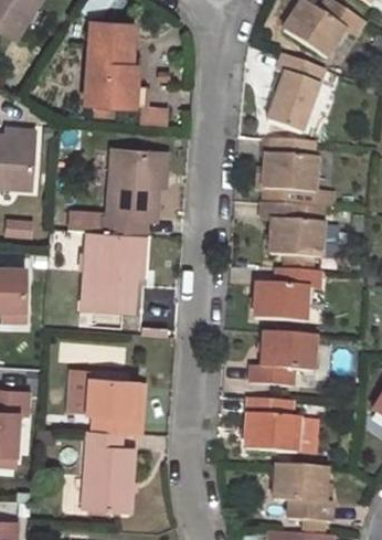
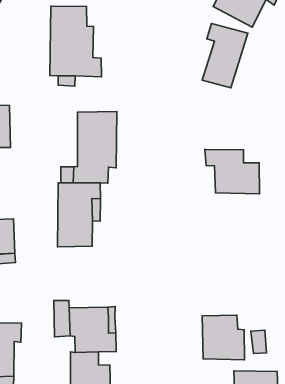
building: [263,139,318,207] -> none
building: [254,268,321,326] -> none
building: [251,332,317,387] -> none

